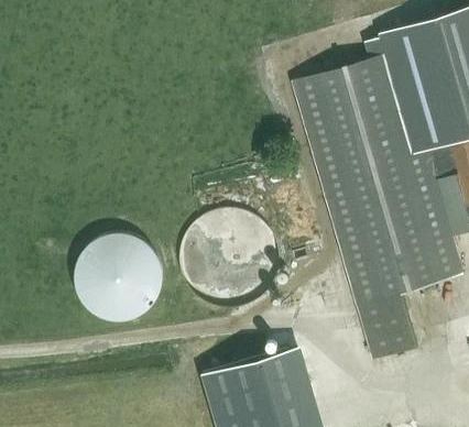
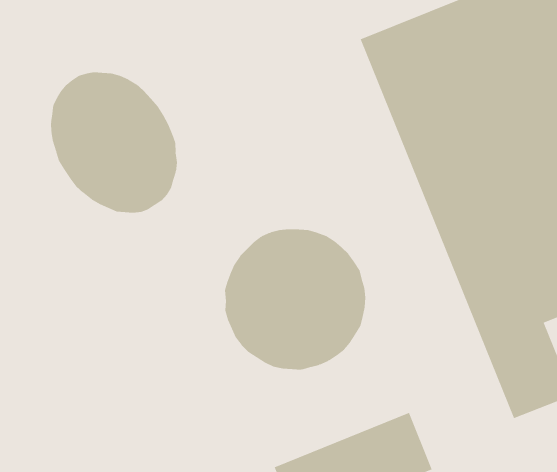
building: none -> [51,71,178,213]
building: [70,232,161,321] -> none

